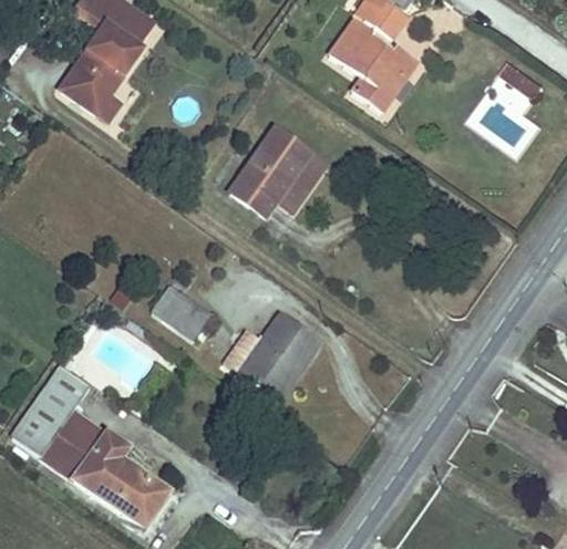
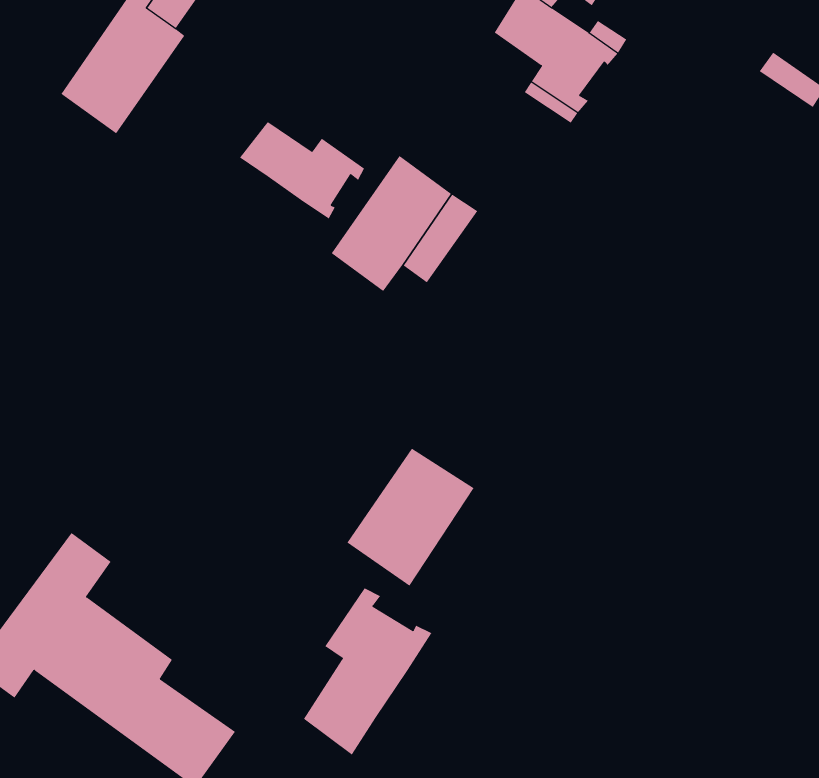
building: none -> [239,121,365,219]
building: [152,287,216,344] -> none
building: none -> [303,588,432,755]

